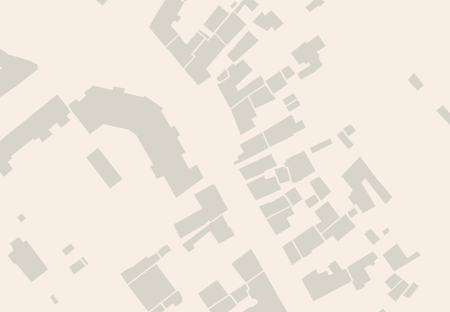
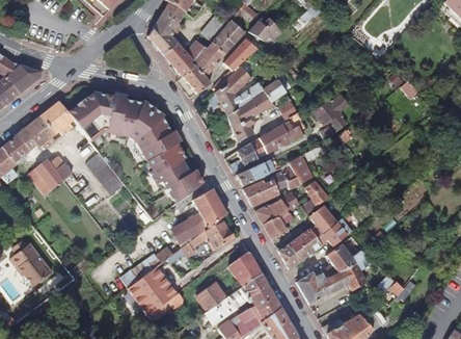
building: [290,34,327,81] -> [314,93,350,138]
building: none -> [28,155,73,194]
building: [340,155,393,214] -> none
building: [381,243,422,272] -> [326,242,365,271]

